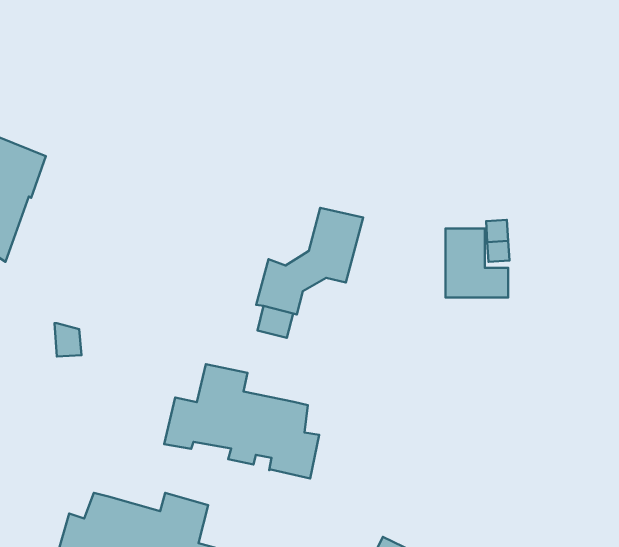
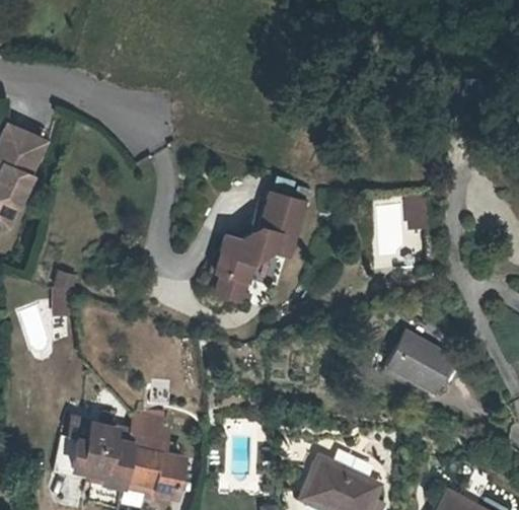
building: [164,364,319,478] -> none
building: none -> [385,332,452,390]

